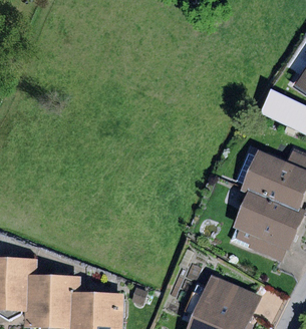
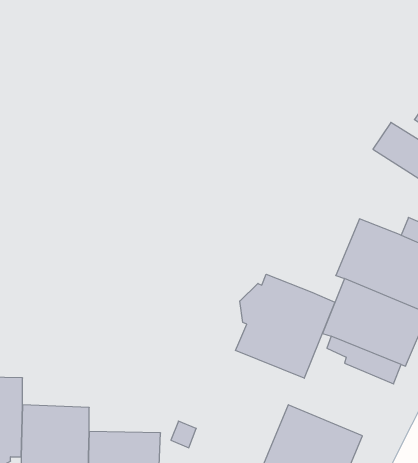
building: none -> [236,274,335,378]

